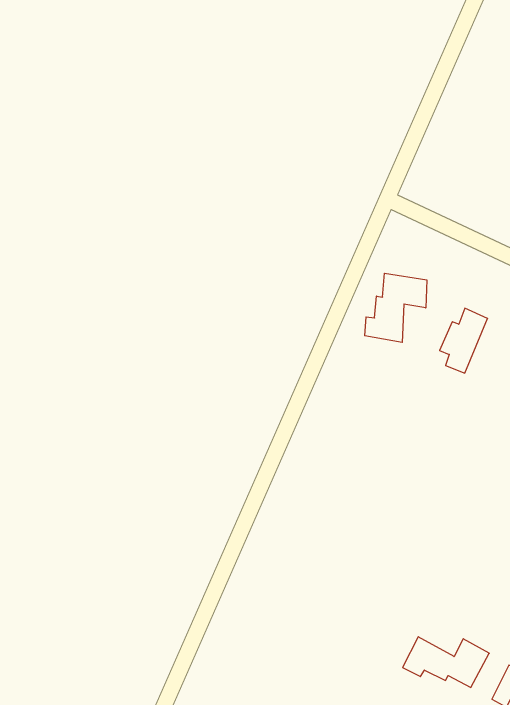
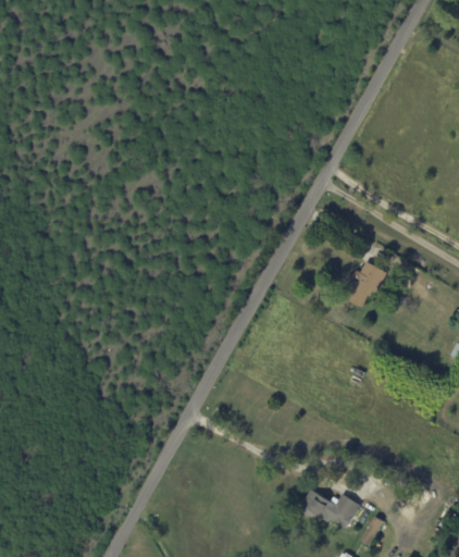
building: [365,273,427,342] -> none

